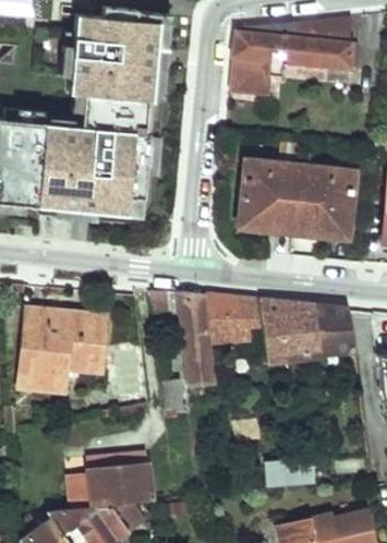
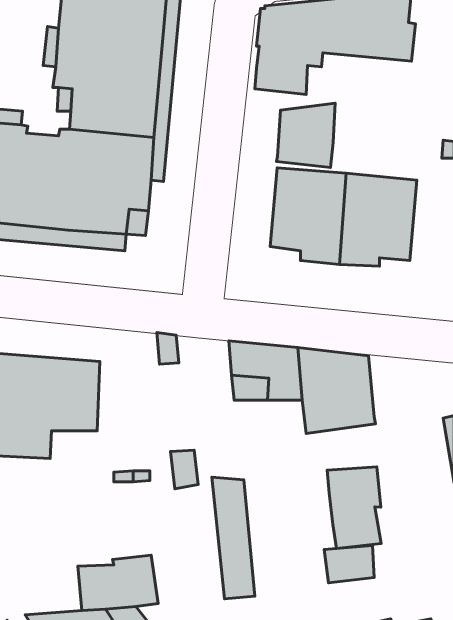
building: none -> [276,103,335,168]
building: [177,290,210,386] -> [212,477,255,599]
building: [317,305,354,353] -> none
building: none -> [327,467,381,549]

